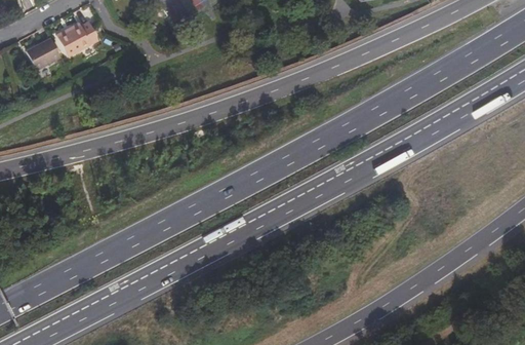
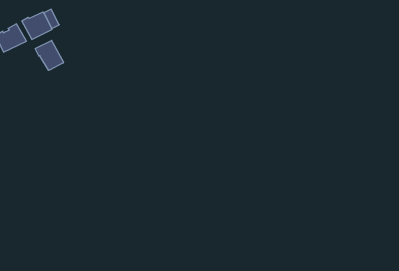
building: none -> [35,40,64,70]

